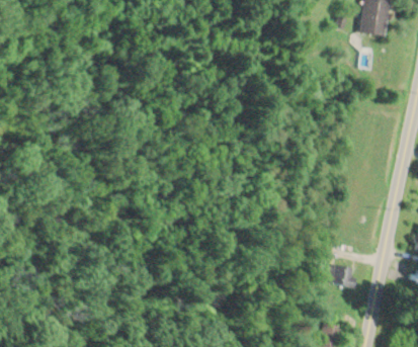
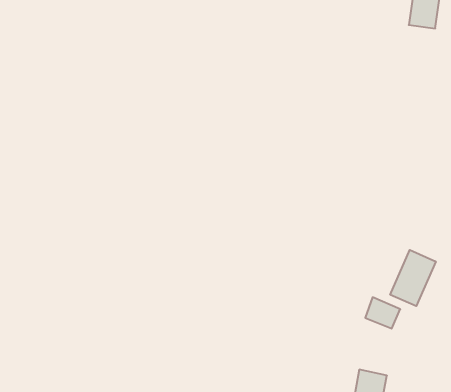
building: none -> [390,250,436,306]

